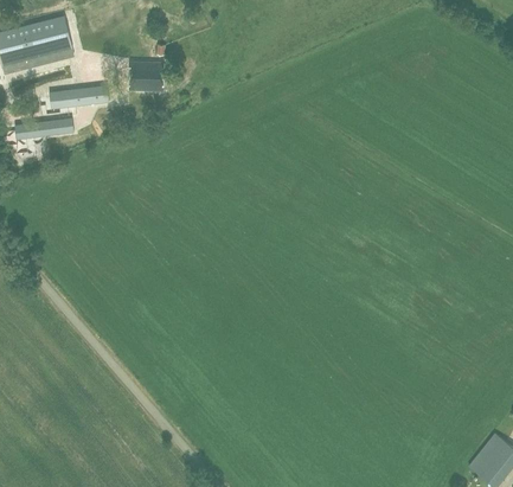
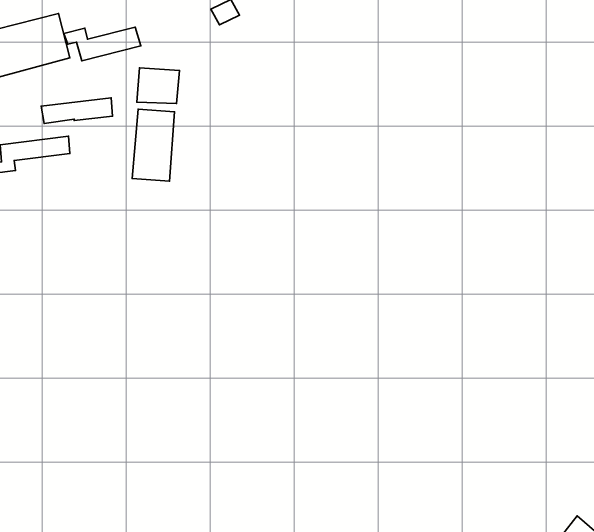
building: none -> [64,27,141,61]
building: none -> [132,109,174,181]

